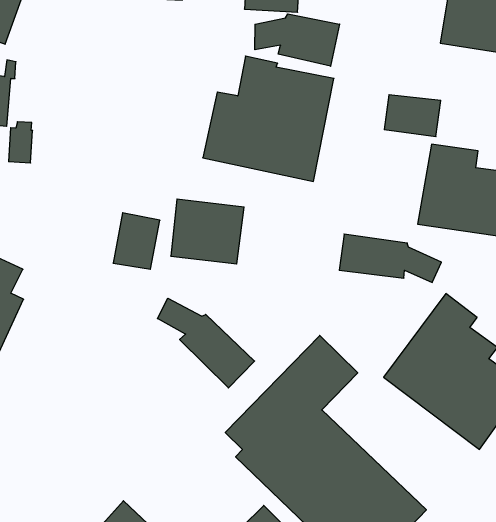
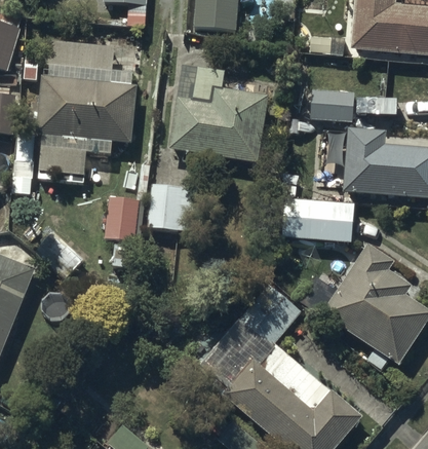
building: none -> [37,40,133,175]
building: [255,14,340,66] -> none
building: [157,298,255,388] -> none

